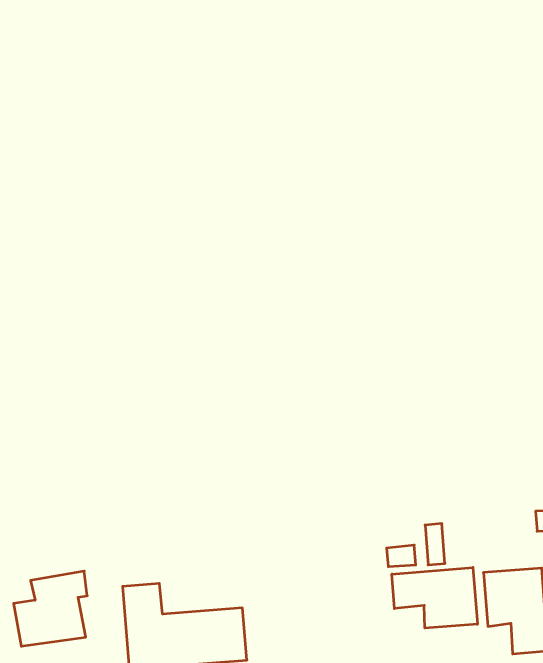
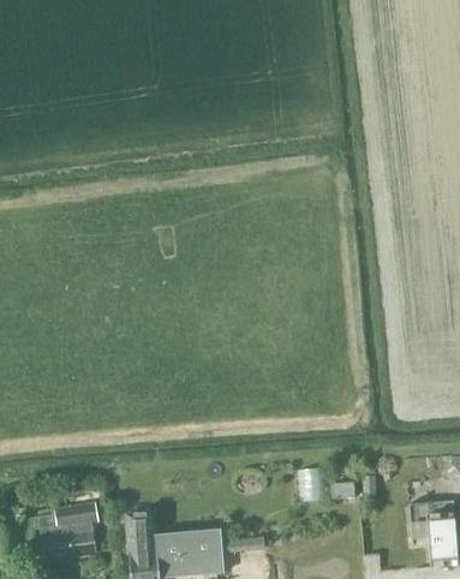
building: [392,567,477,628] -> none

